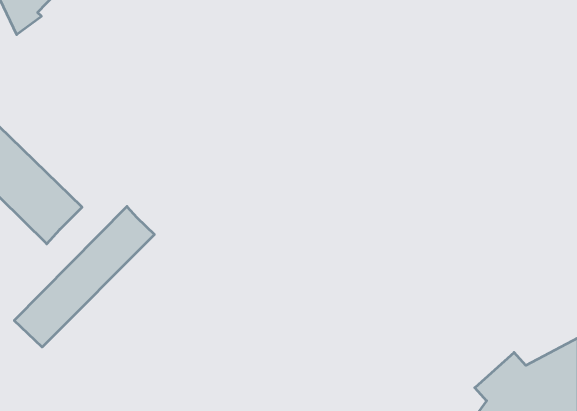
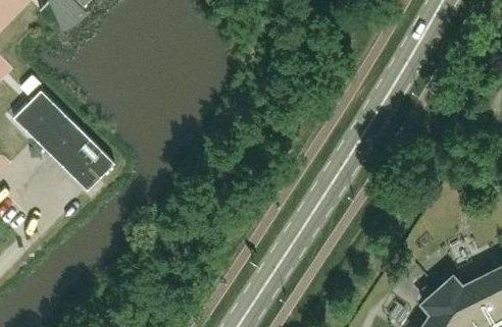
building: [14,206,154,347] -> none

